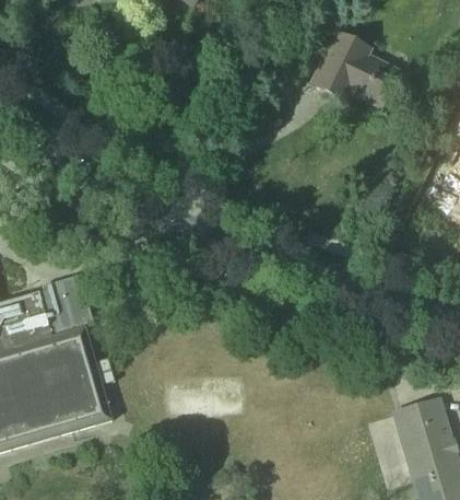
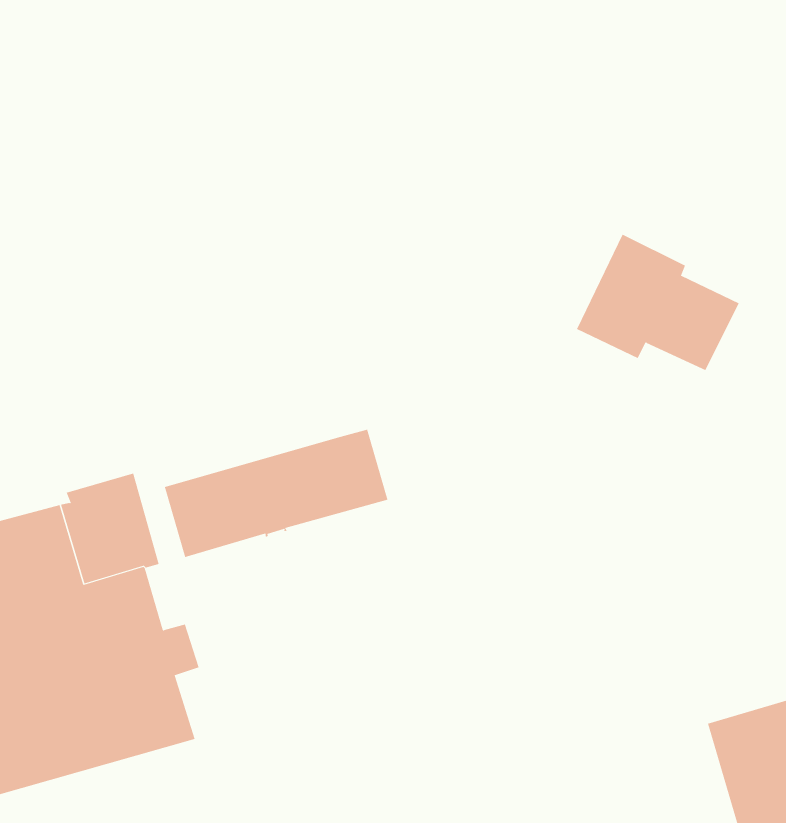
building: [309,32,399,107] -> [576,234,740,371]
building: none -> [164,429,388,558]

